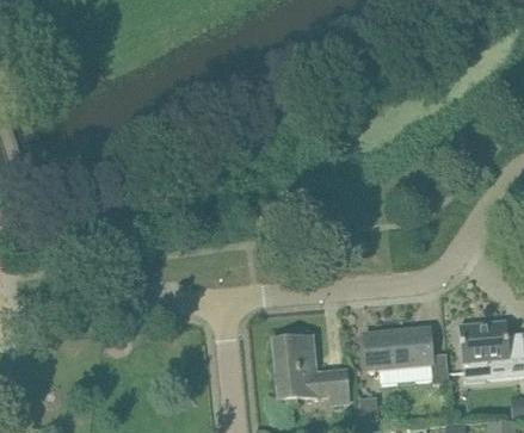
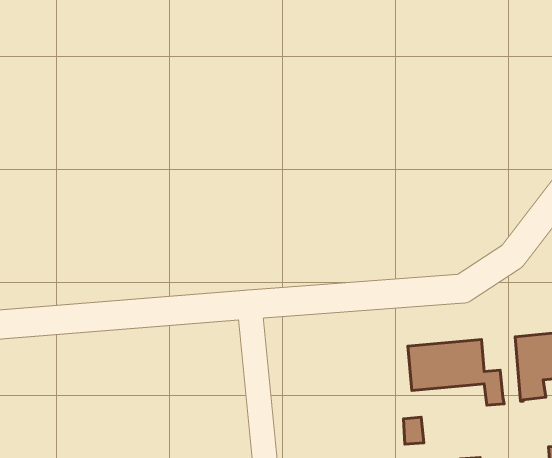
building: [273,336,347,404] -> none

